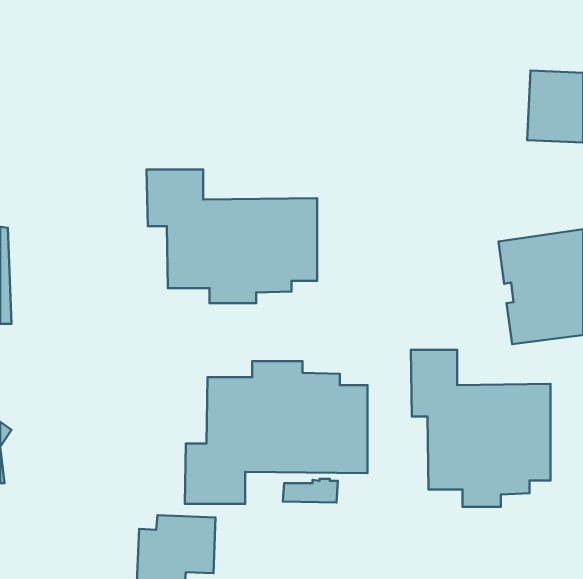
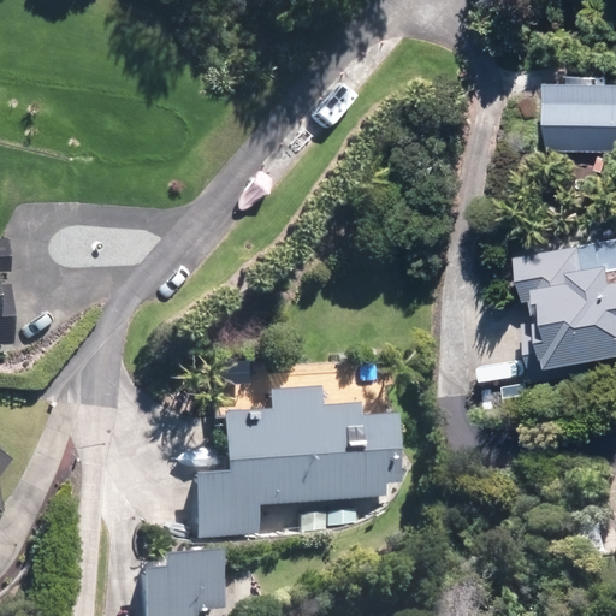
building: [147,169,317,303] -> none
building: [411,350,551,507] -> none

